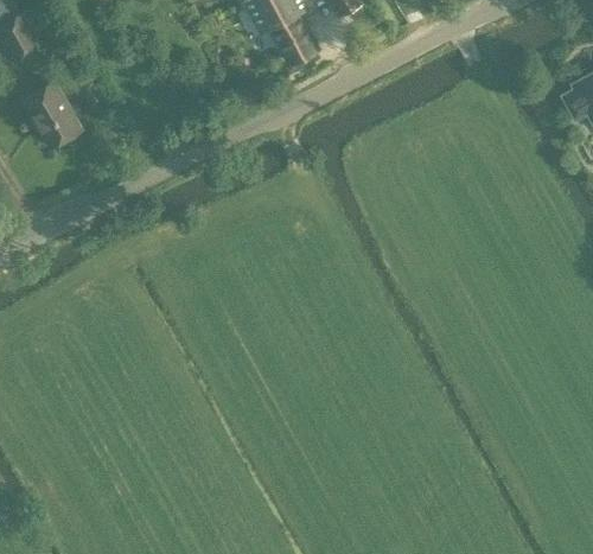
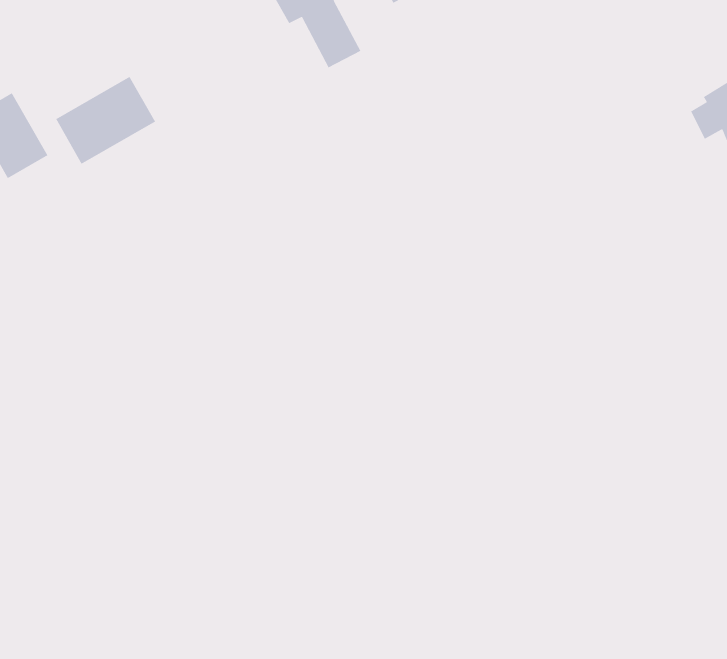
building: none -> [55,76,156,165]

